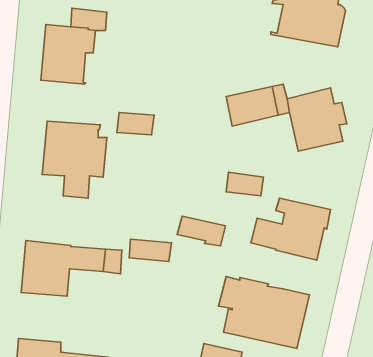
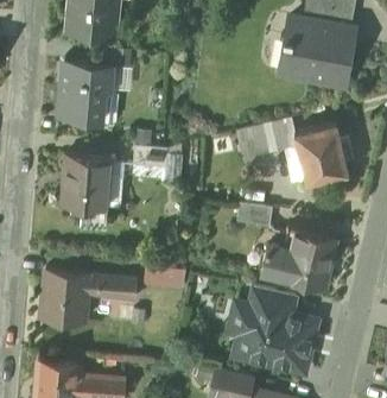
building: [177,216,226,246] -> [250,286,297,315]

